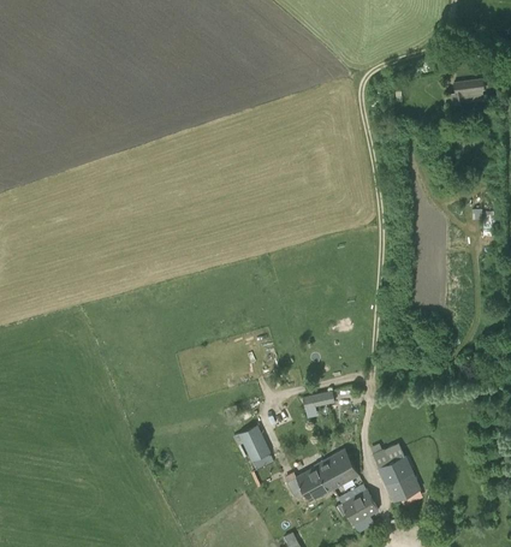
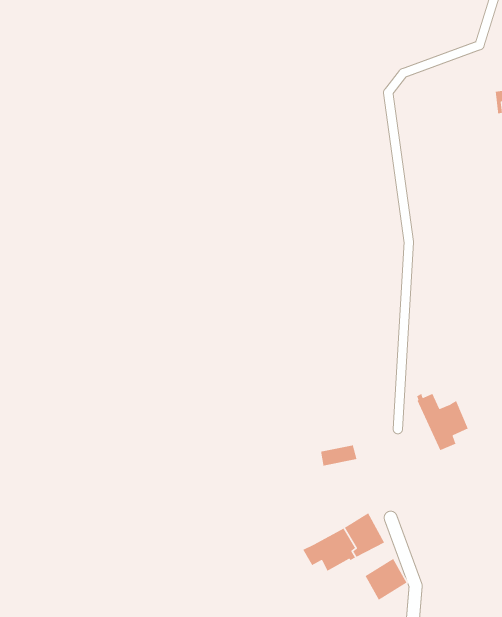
building: [237,423,269,460] -> none
building: [372,448,417,499] -> [416,393,469,451]

